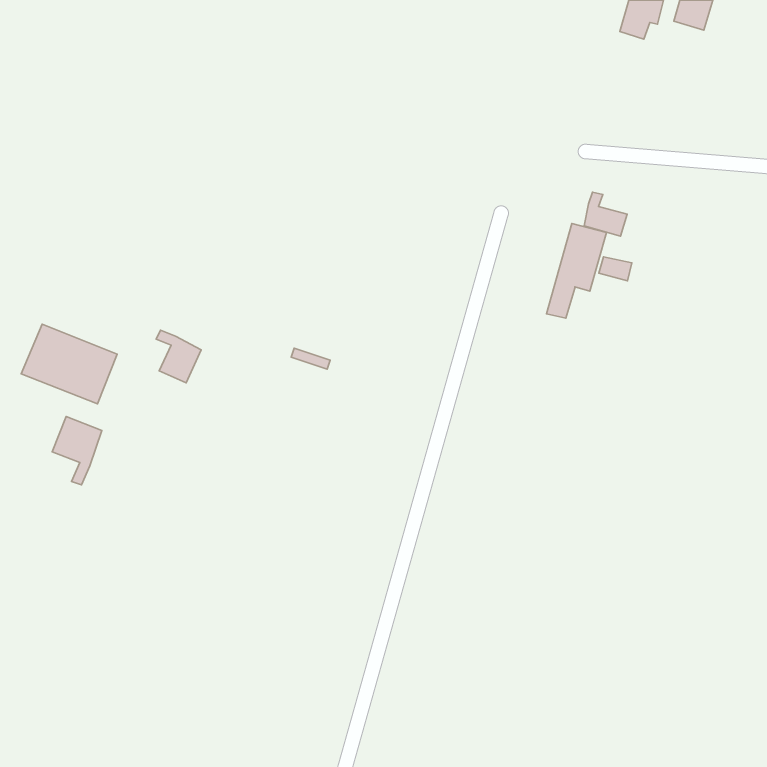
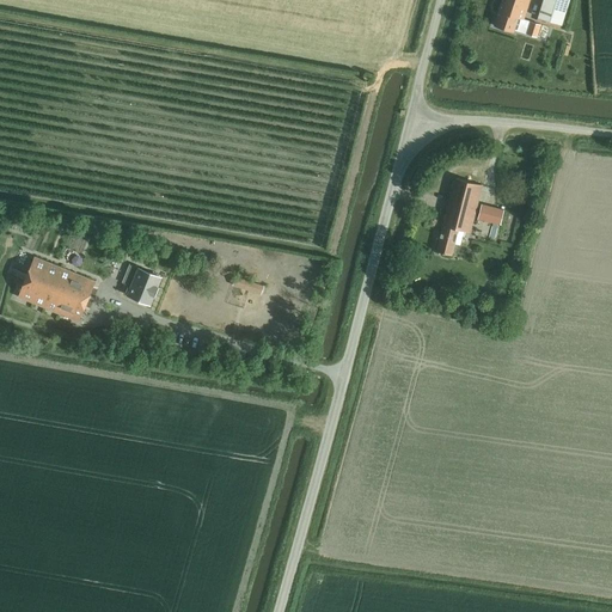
building: [584,192,627,236] -> none
building: [52,417,102,485] -> none

